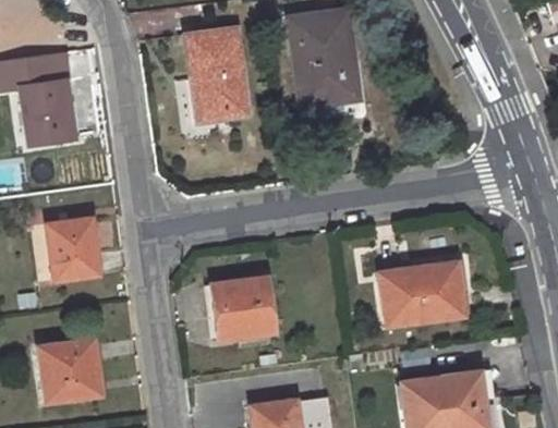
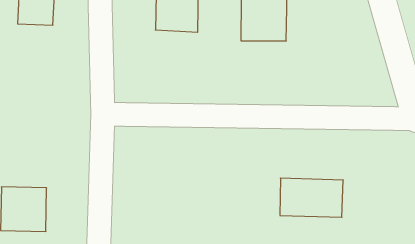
building: [46,213,99,277] -> none
building: [210,276,274,338] -> none

